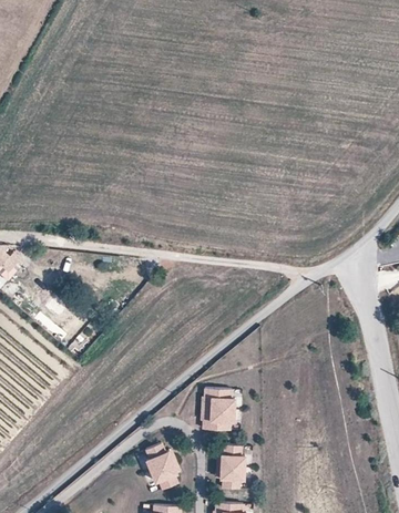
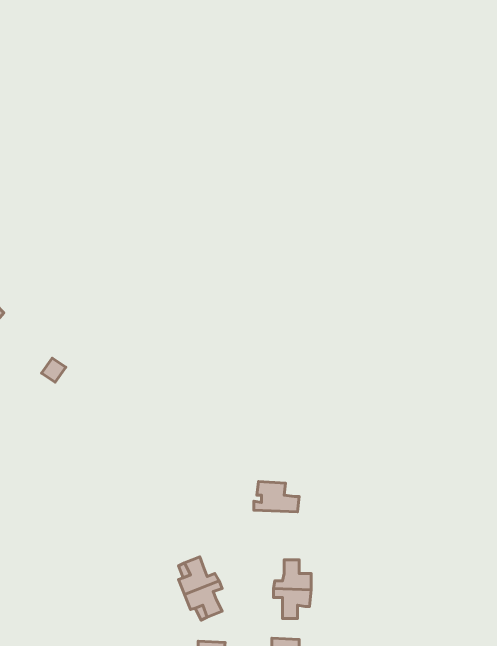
building: [203,410,235,432] -> none

